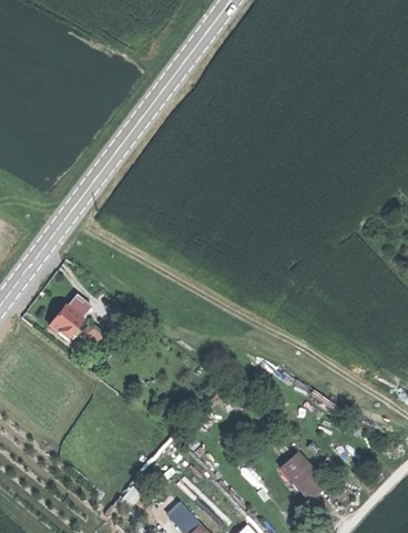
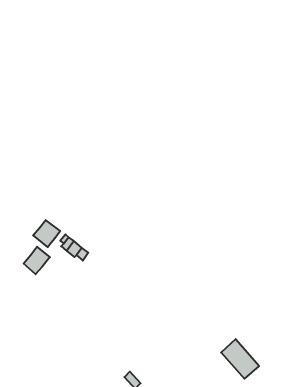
building: none -> [24,247,50,274]

